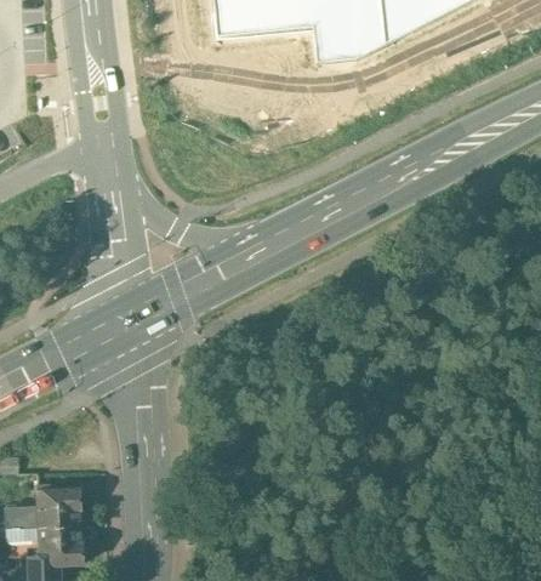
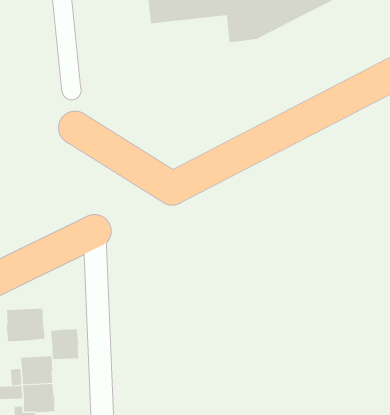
building: none -> [6,308,45,342]
building: none -> [50,328,79,360]

